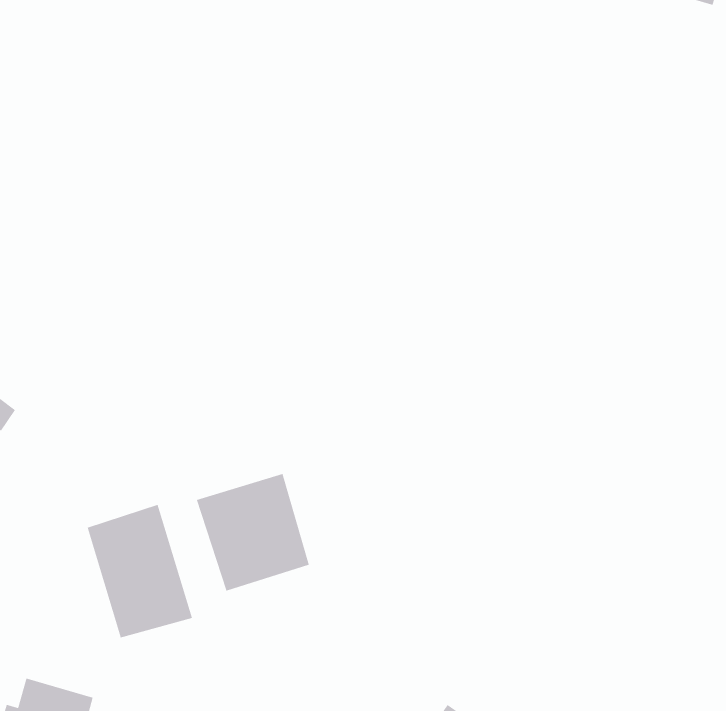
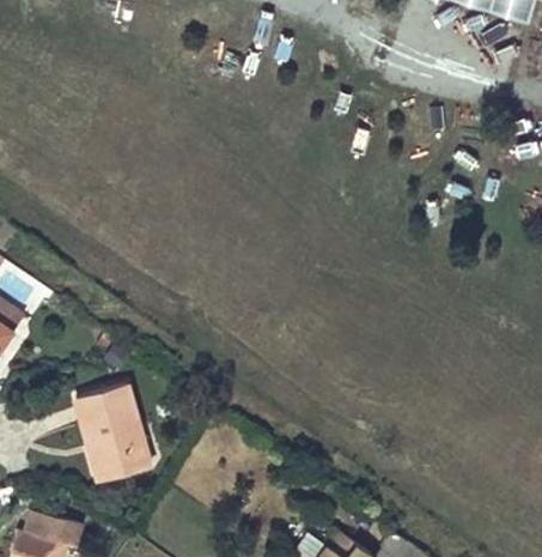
building: [196,473,310,591] -> none

